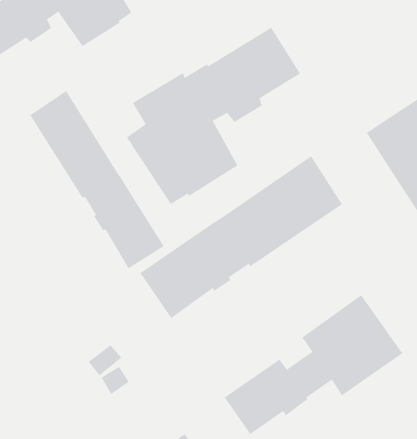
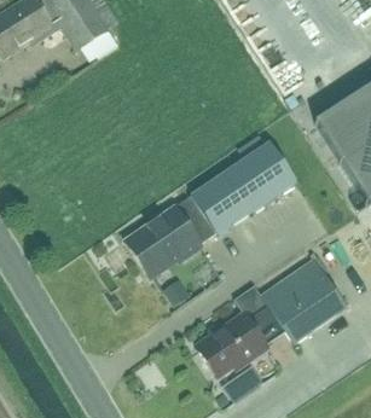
building: [126,27,301,205] -> none
building: [29,90,165,269] -> none

